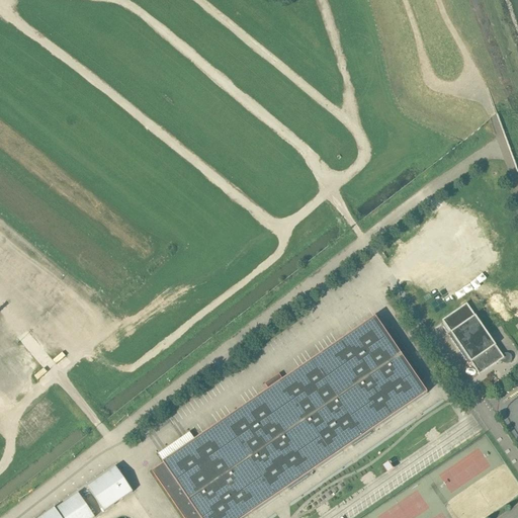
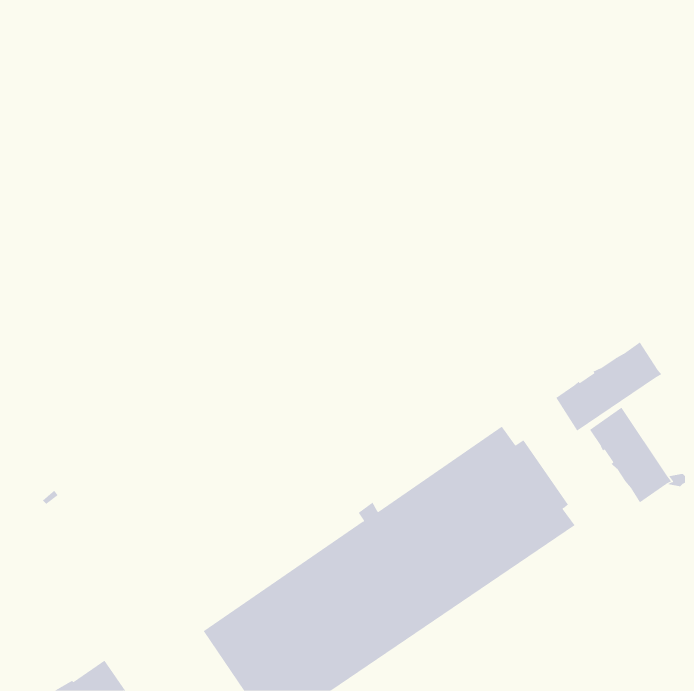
building: none -> [555,342,662,432]
building: [86,464,132,509] -> none

